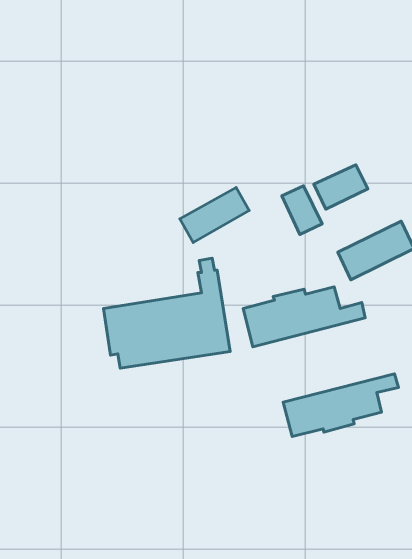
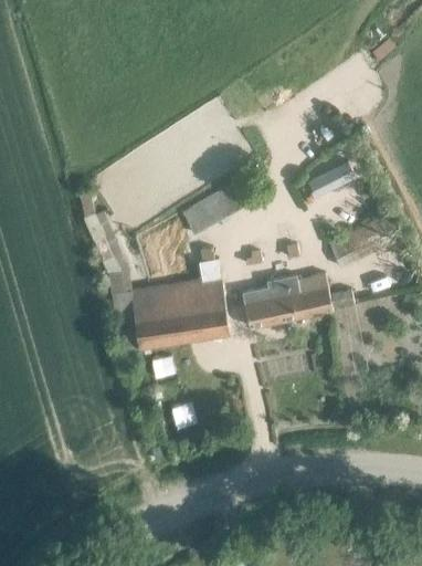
building: [282,186,322,234] -> none
building: [283,374,398,436] -> none

